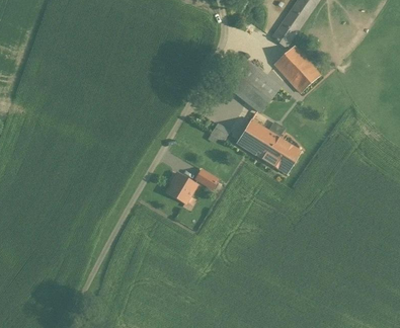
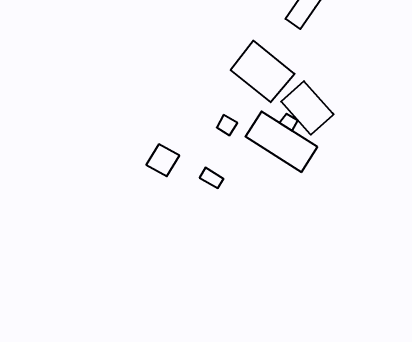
building: [273,45,320,92] -> [281,81,334,135]
building: [166,173,195,201] -> [146,144,179,176]

